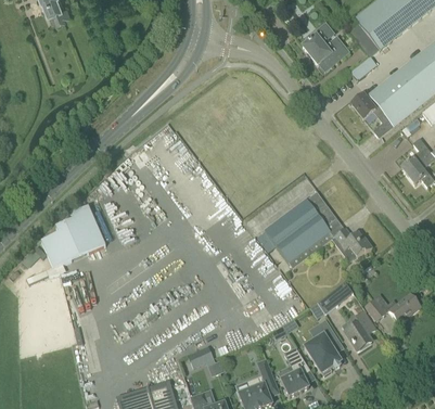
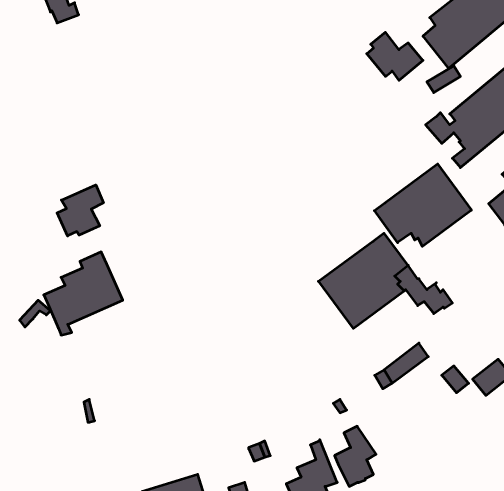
building: none -> [374,164,471,246]
building: none -> [57,185,103,236]
building: [342,311,374,350] -> none
building: [304,321,341,376] -> none

